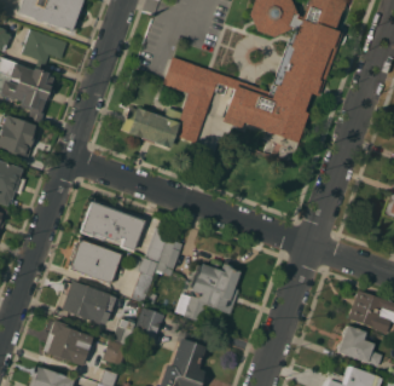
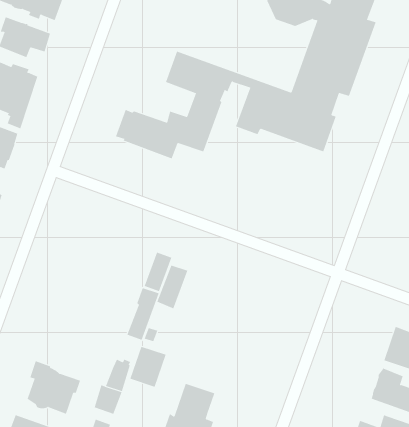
building: [79,201,144,252] -> none
building: [68,240,122,284] -> none
building: [182,260,239,323] -> none
building: [60,281,116,324] -> none

